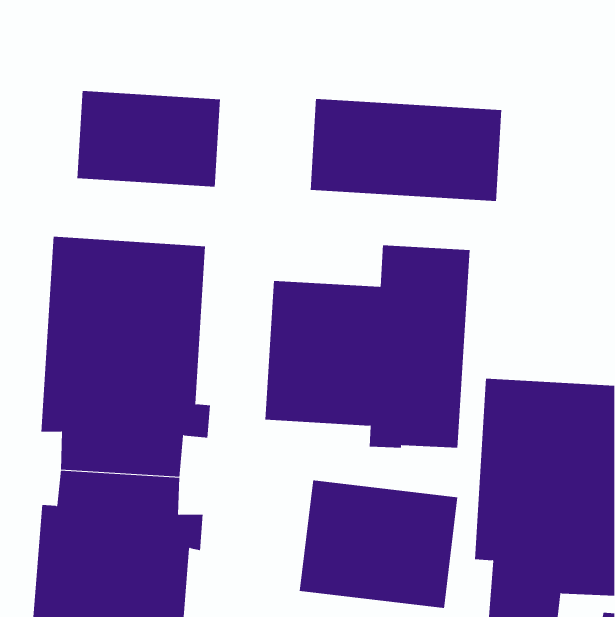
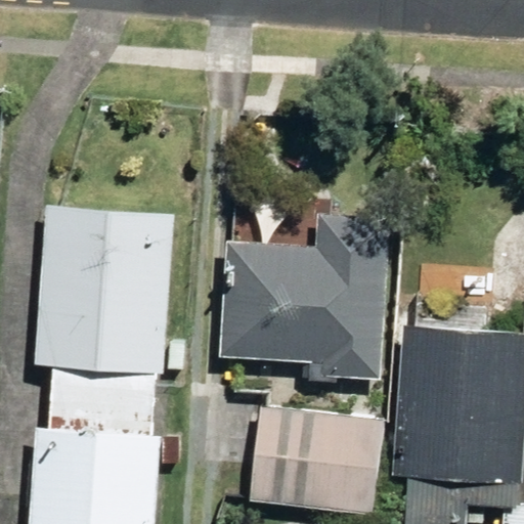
building: [77,90,221,188] -> none
building: [310,98,502,202] -> none

